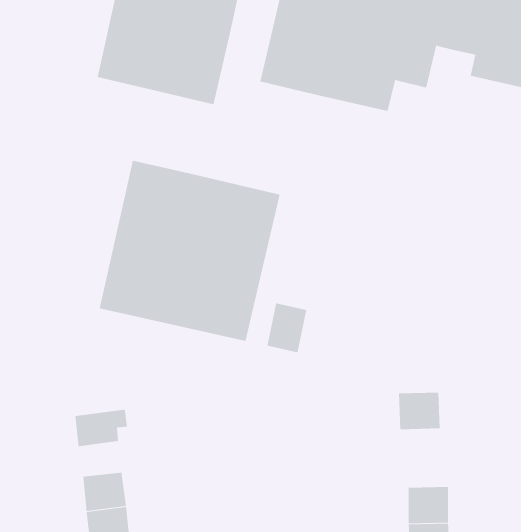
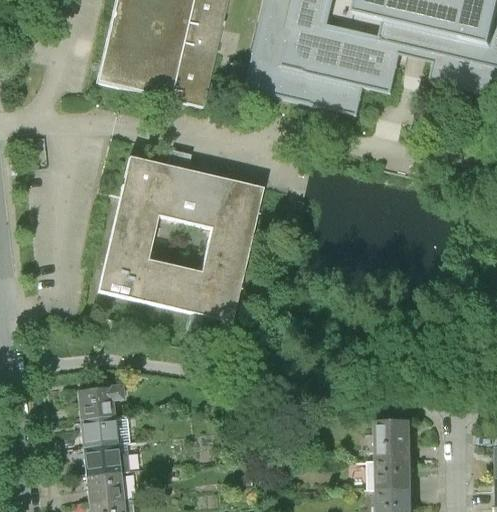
building: [267,303,307,353] -> none
building: [398,392,440,430] -> [377,418,415,452]
building: none -> [80,410,120,442]

